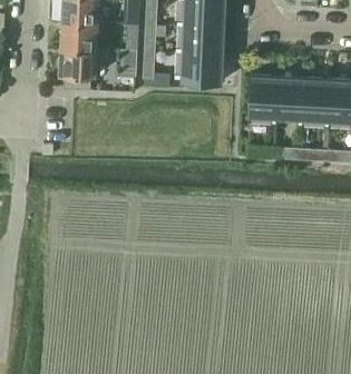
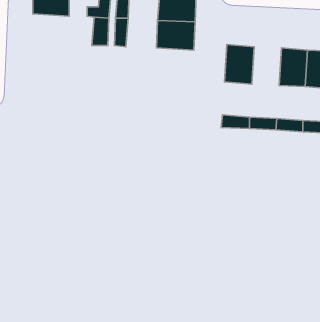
building: [59,47,109,89] -> none
building: [276,79,305,117] -> none

